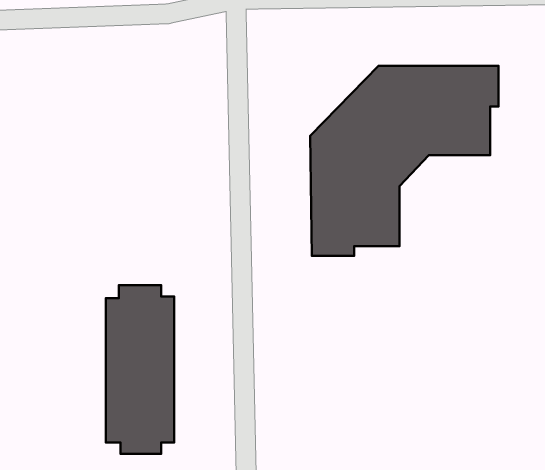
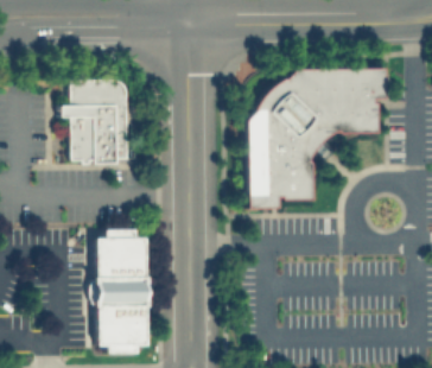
building: none -> [59,78,127,161]

